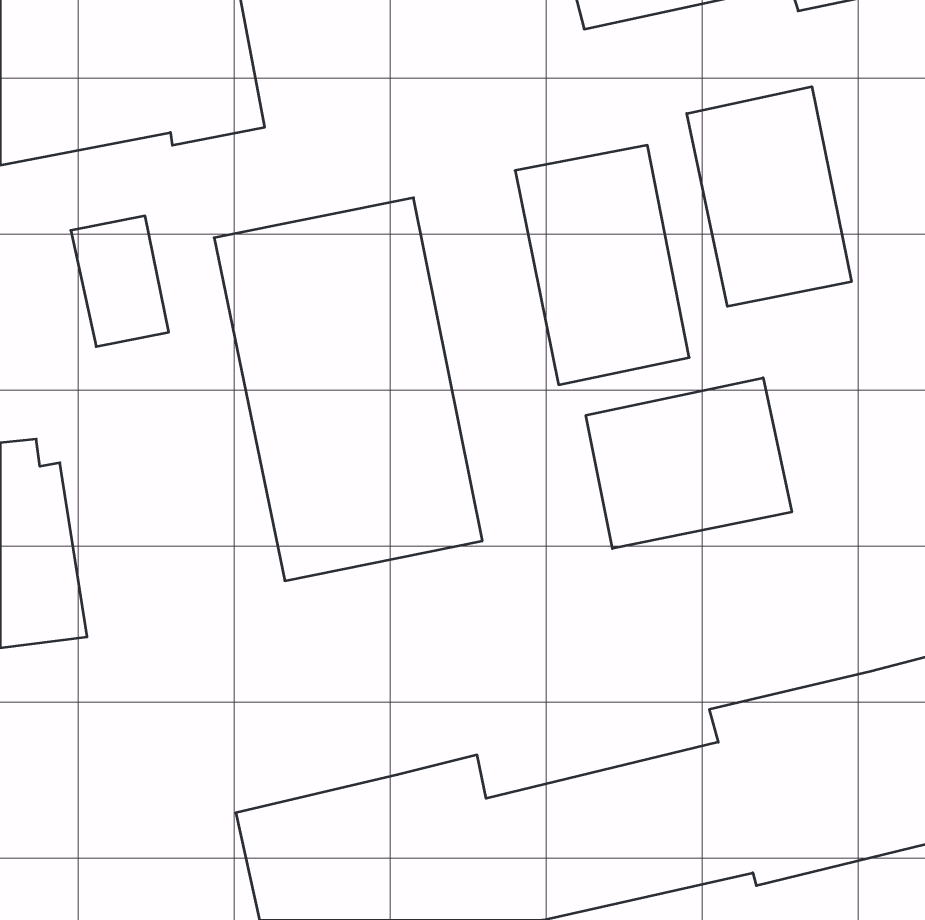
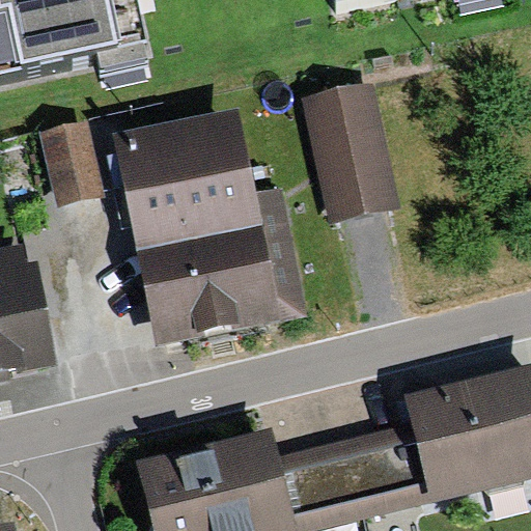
building: [687,87,851,306] -> none
building: [586,378,792,549] -> none

